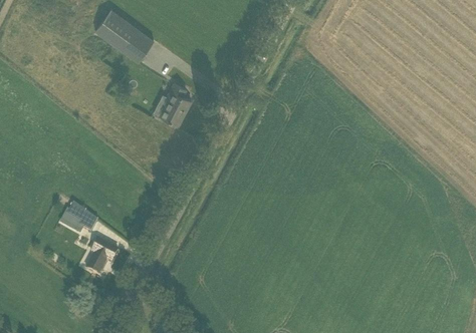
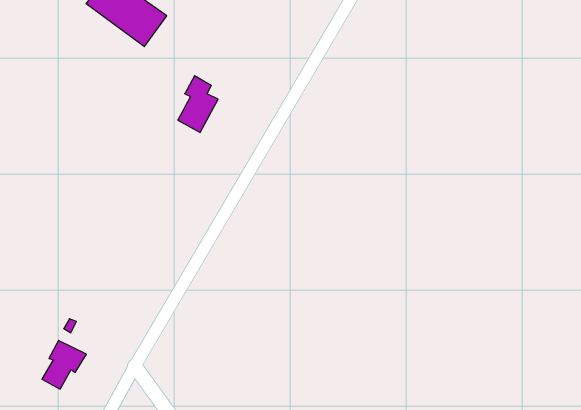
building: [66,201,97,231] -> none
building: [85,238,117,273] -> [42,340,86,389]

